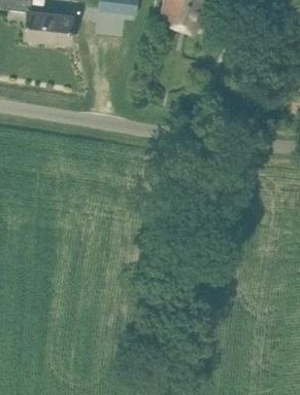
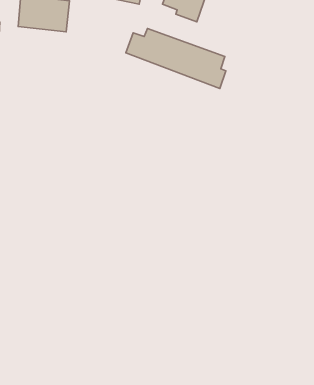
building: none -> [126,29,226,88]

